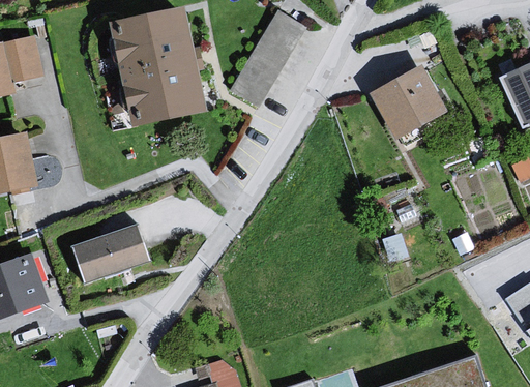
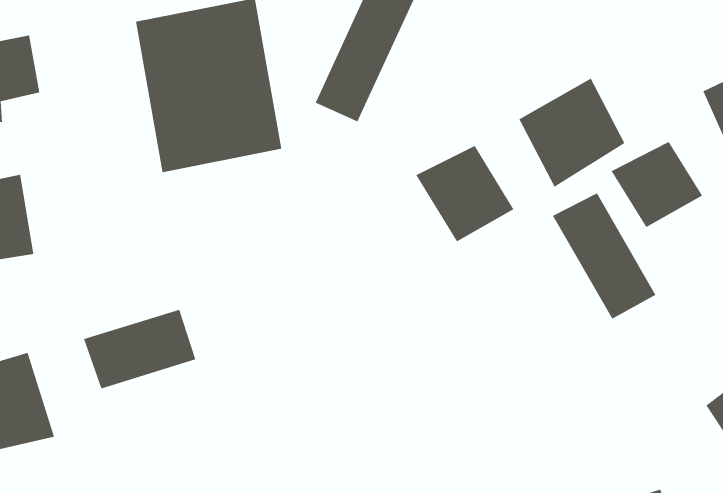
building: none -> [611,141,703,228]
building: none -> [416,145,514,242]
building: none -> [552,192,656,320]

